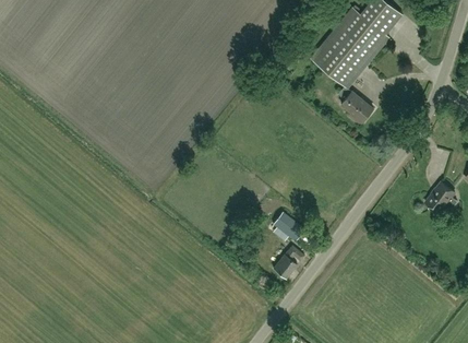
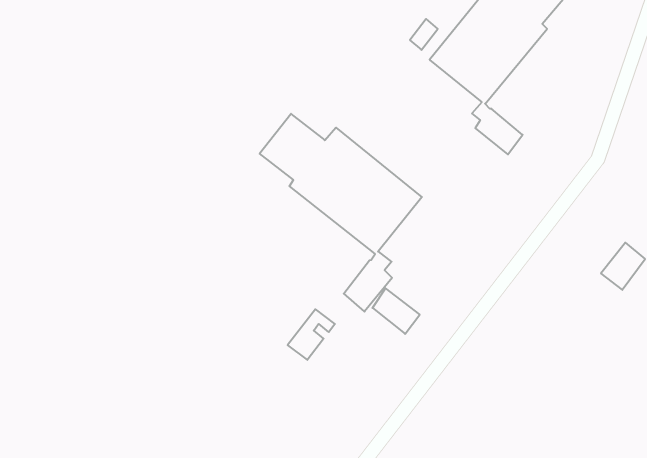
building: none -> [260,114,422,312]
building: [274,246,305,280] -> [288,309,335,360]

